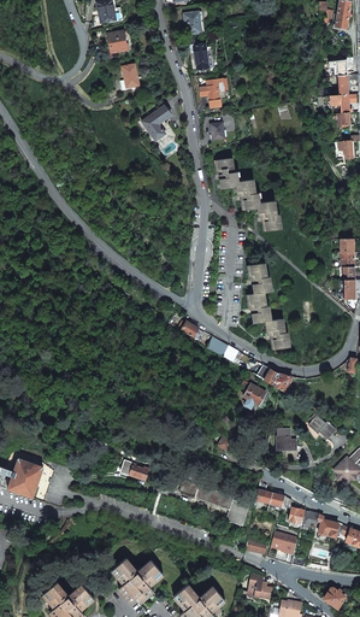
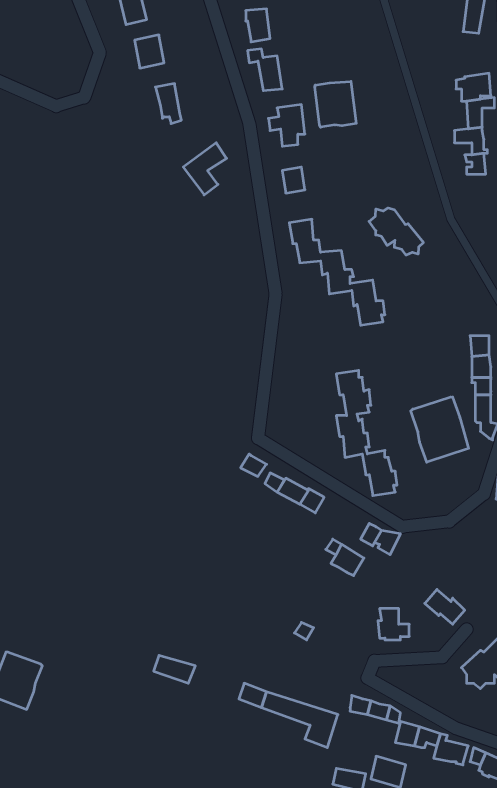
building: none -> [315,81,356,127]
building: none -> [369,208,423,255]
building: none -> [411,397,469,462]

